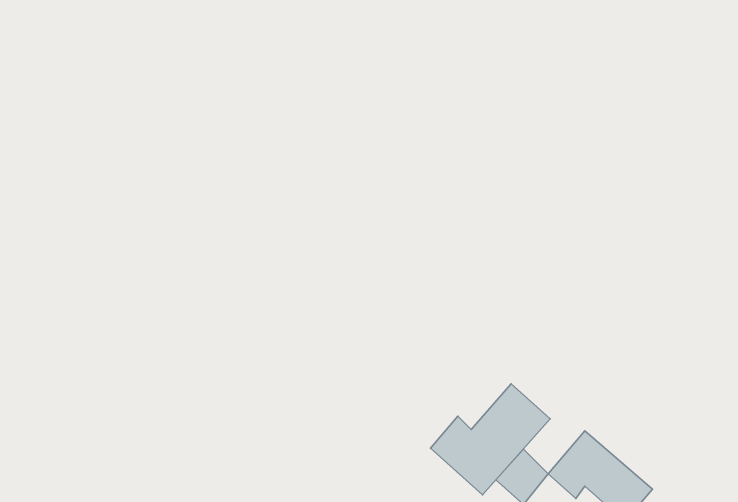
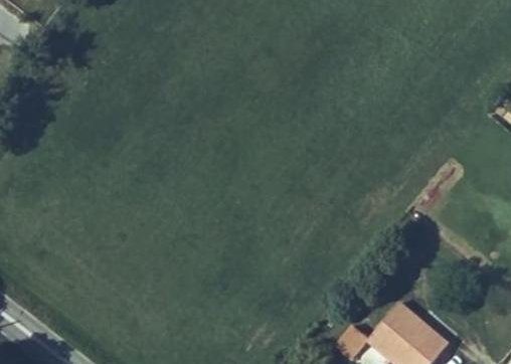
building: [430,384,550,495] -> none

